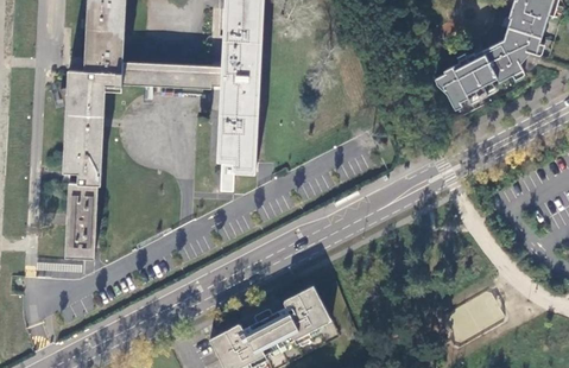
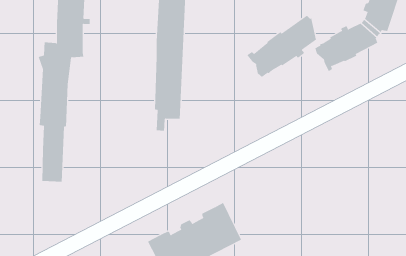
building: none -> [246,15,316,78]
building: [122,63,221,89] -> none

